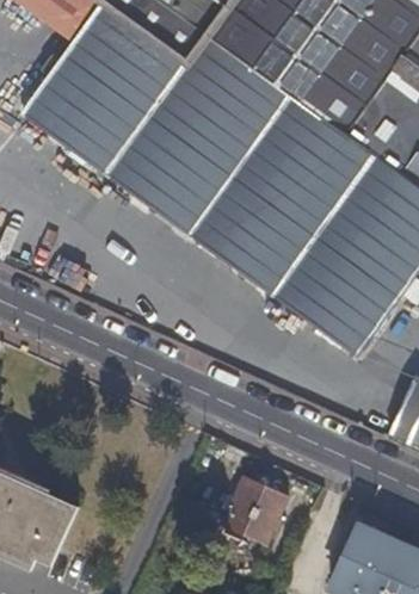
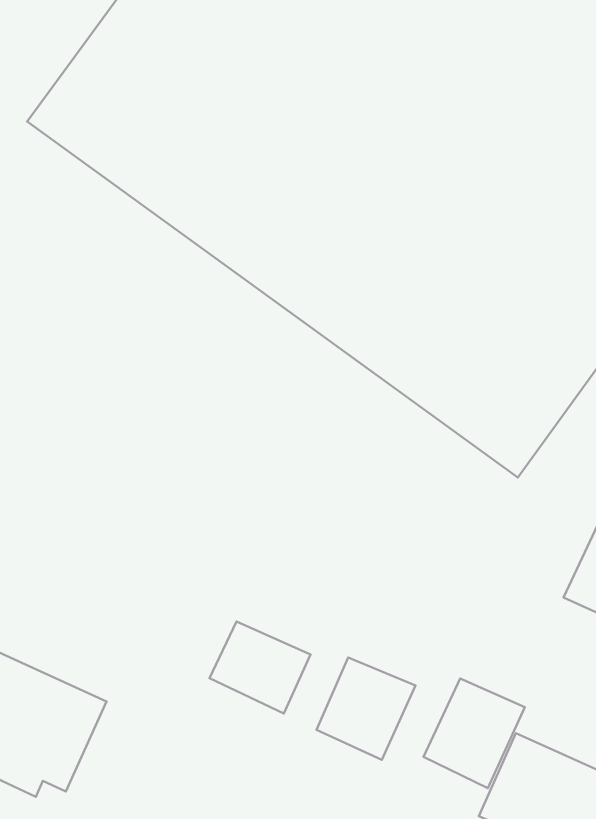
building: none -> [210,621,311,713]
building: none -> [424,678,525,788]

